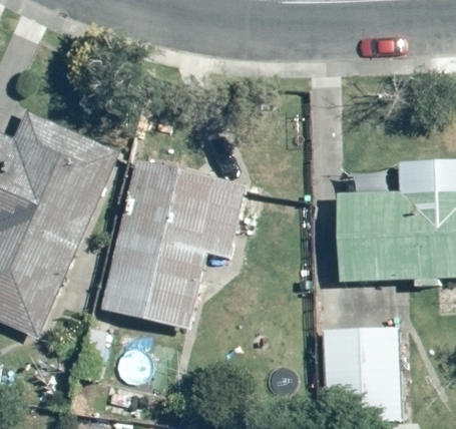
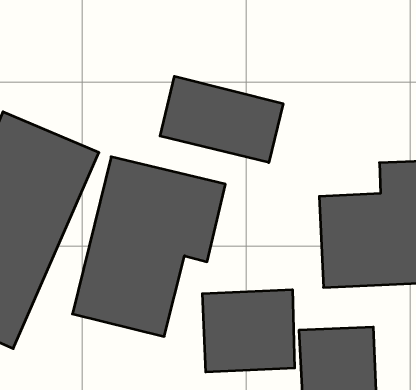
building: none -> [160,76,283,163]
building: none -> [202,290,295,372]

